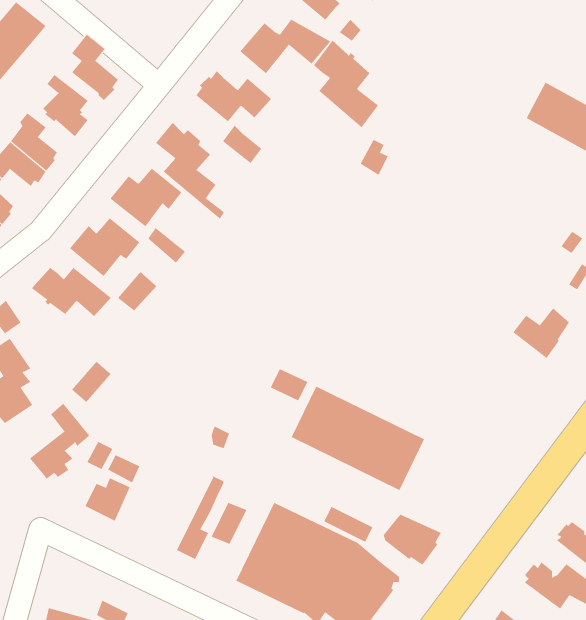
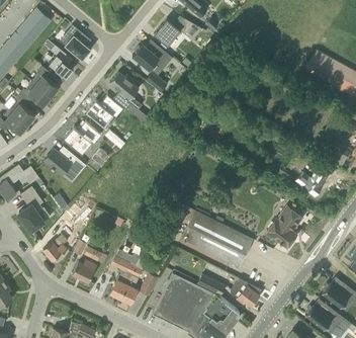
building: [313,40,379,128] -> none
building: none -> [266,206,302,248]
building: none -> [110,255,137,299]

